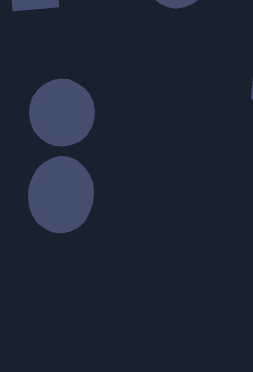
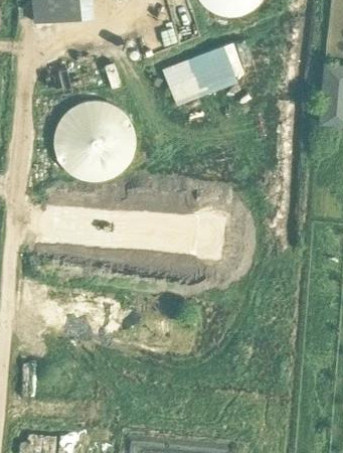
building: none -> [163,42,245,106]
building: [28,155,95,234] -> none

